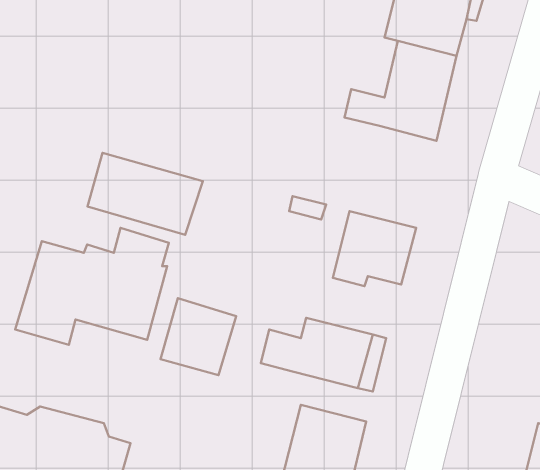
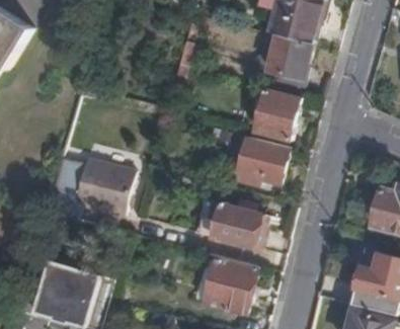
building: none -> [253,87,300,139]
building: [87,153,203,235] -> none
building: [161,298,236,375] -> none

